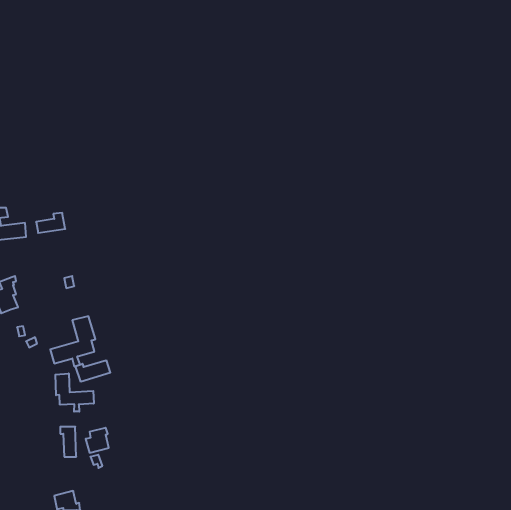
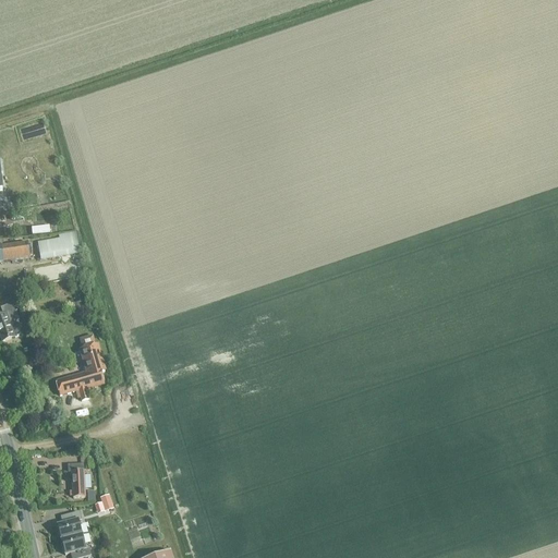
building: [76,360,110,382] -> none
building: [55,373,94,412] -> none
building: [86,428,109,453] -> [54,511,80,538]

